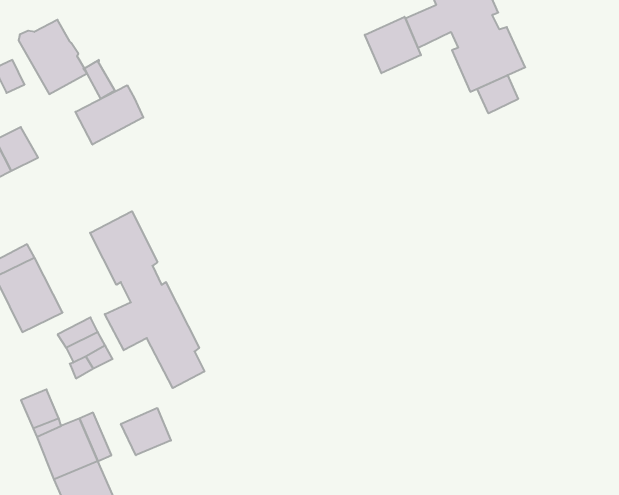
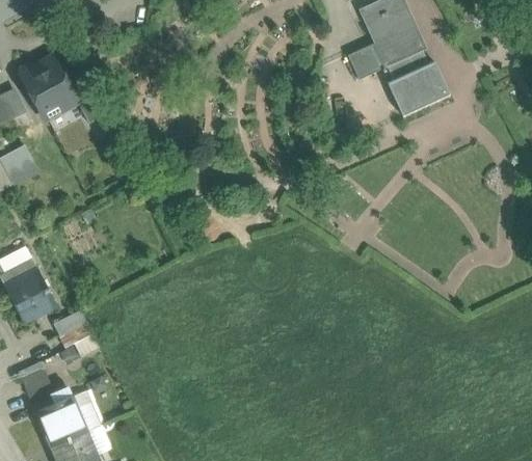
building: [365,17,421,73] -> none
building: [477,75,518,113] -> none
building: [75,85,143,145] -> none
building: [90,211,204,388] -> none
building: [121,408,171,455] -> none

